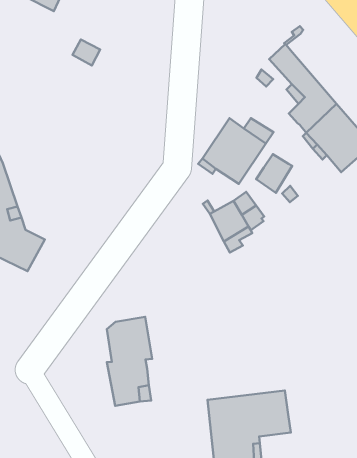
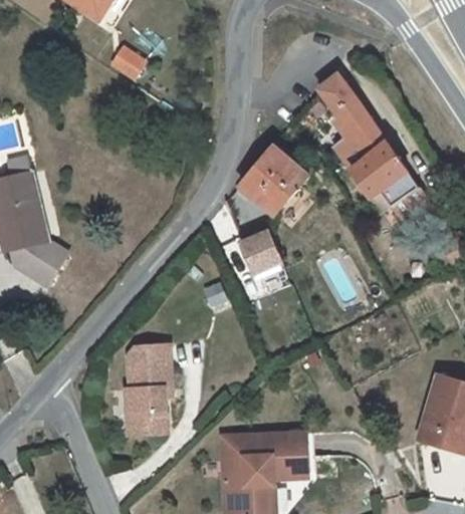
building: [256,154,292,193] -> none

